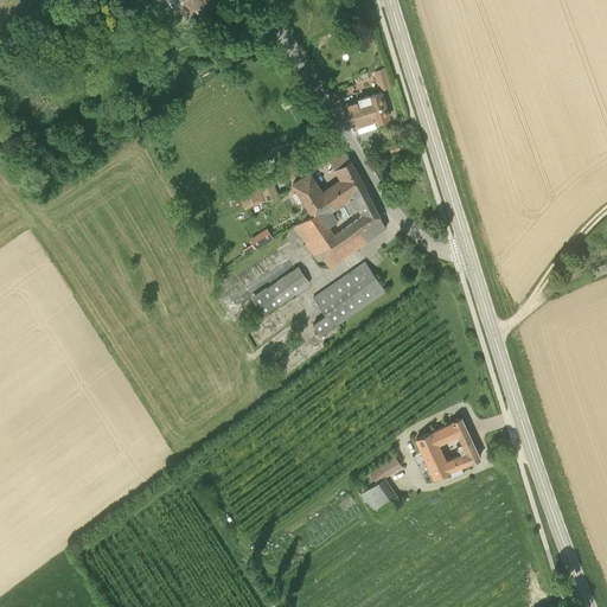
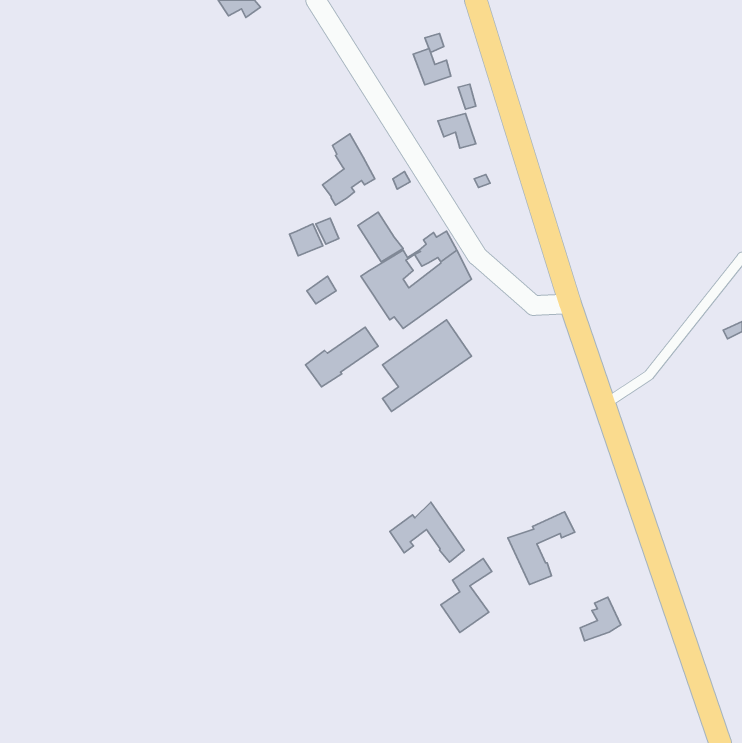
building: [344,98,375,128] -> [413,48,451,85]
building: [321,152,364,210] -> [322,134,375,205]
building: none -> [390,502,464,562]
building: [446,434,479,469] -> [580,597,621,641]

